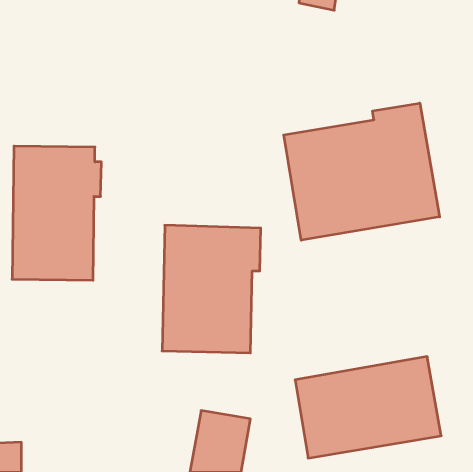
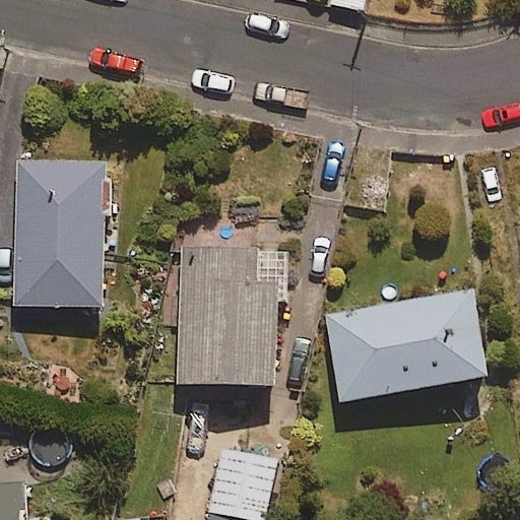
building: [284,103,440,240] -> none
building: [295,357,441,458] -> [326,289,485,400]

